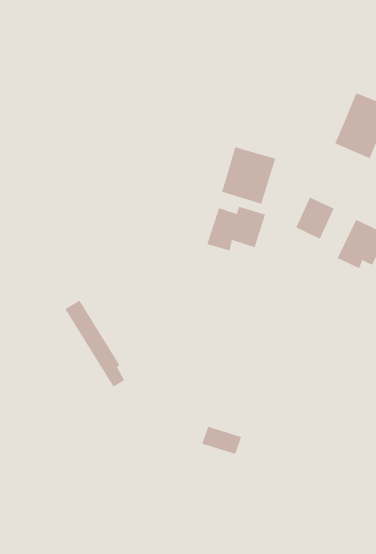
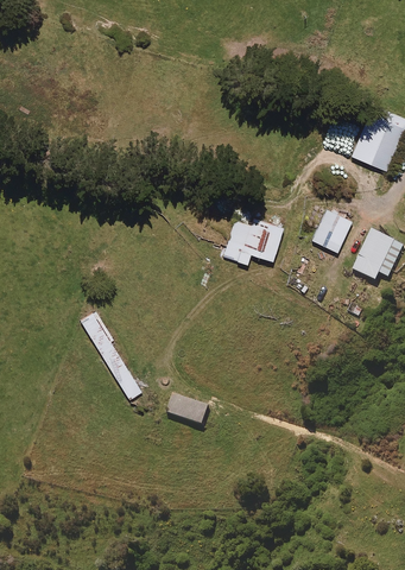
building: [221,146,276,205] -> none
building: [202,426,242,455] -> [167,395,208,424]

